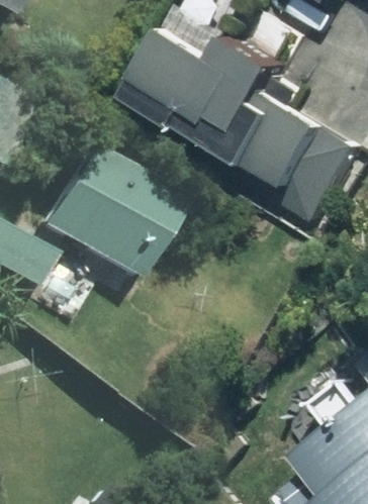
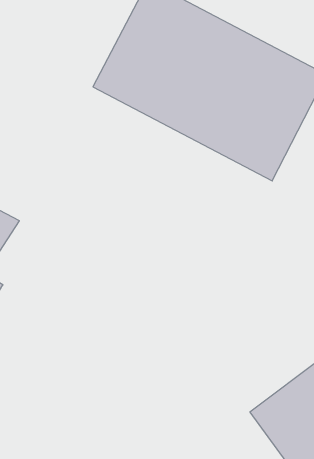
building: [42,146,178,278] -> none

